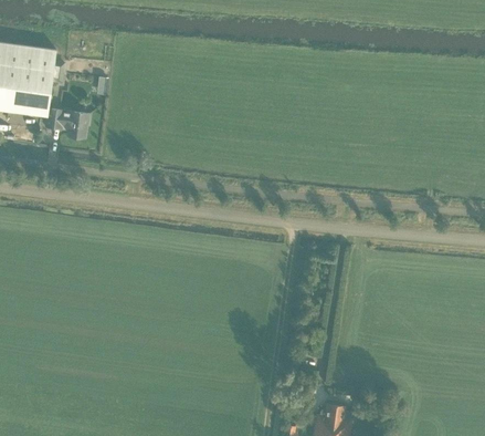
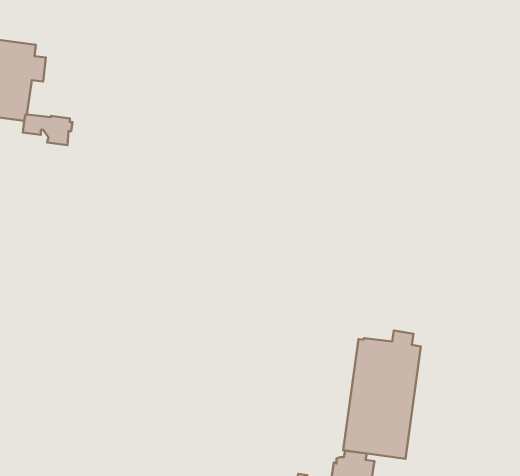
building: none -> [343,330,421,459]

